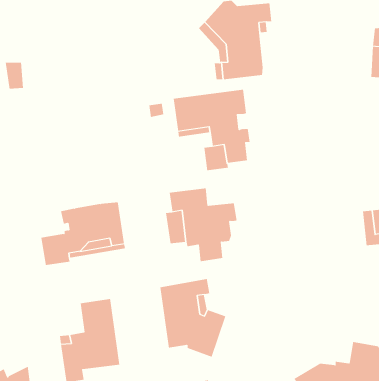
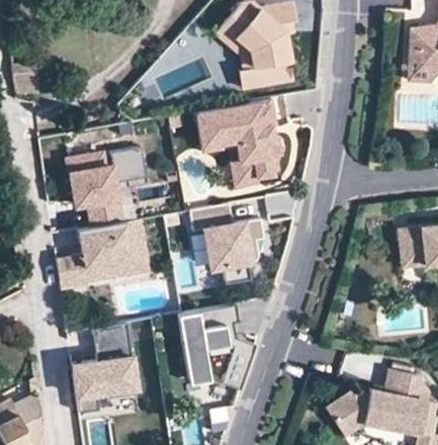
building: none -> [67,148,145,226]

